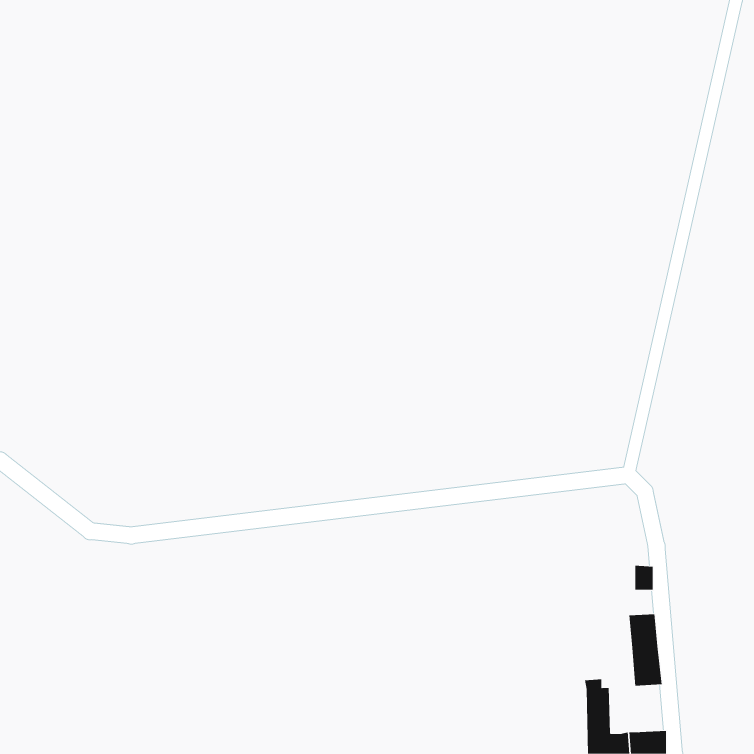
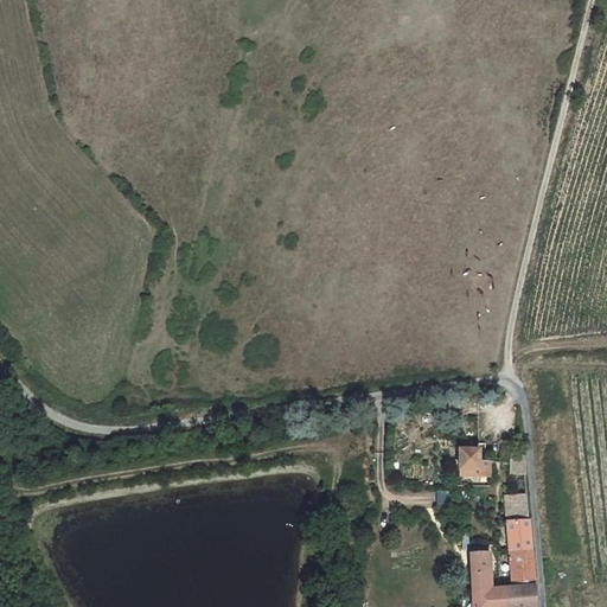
building: none -> [459,451,491,477]
building: none -> [510,550,536,588]

